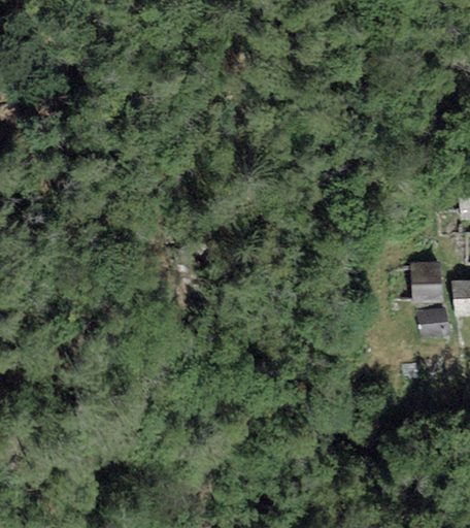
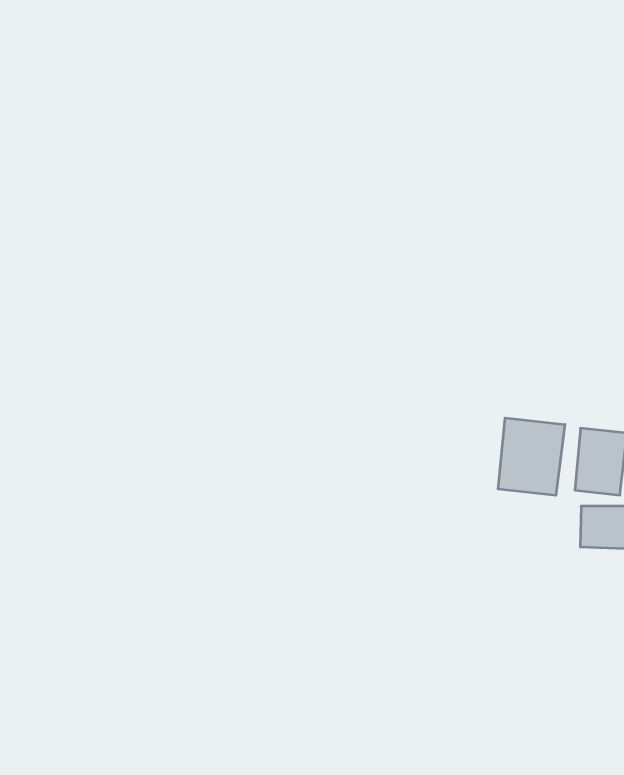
building: none -> [498,418,565,495]

